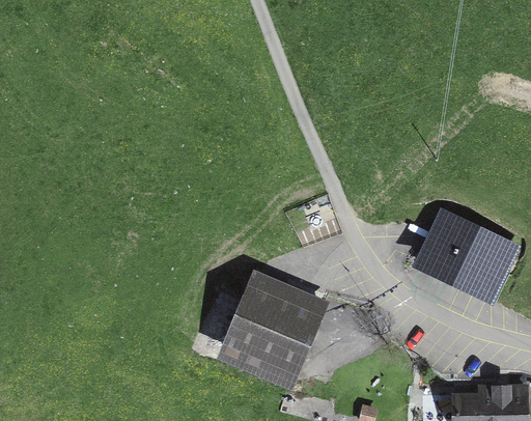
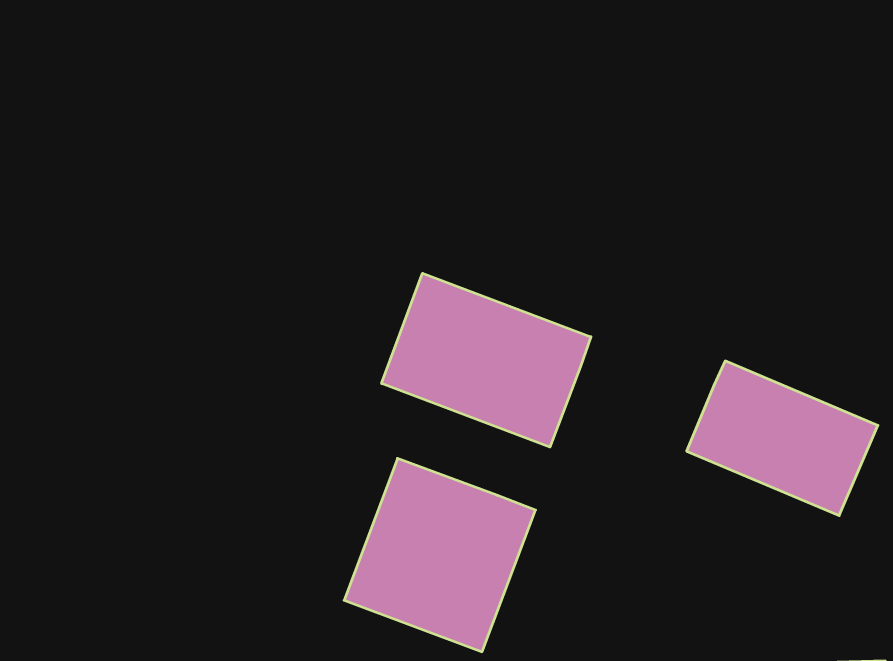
building: none -> [382,273,591,447]

